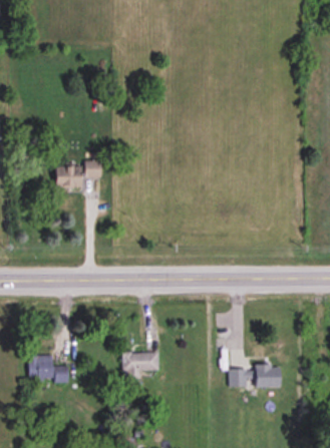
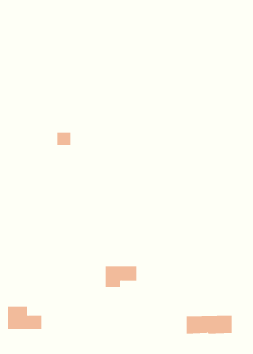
building: [56,166,82,186] -> none
building: [123,353,159,377] -> [105,266,137,287]

